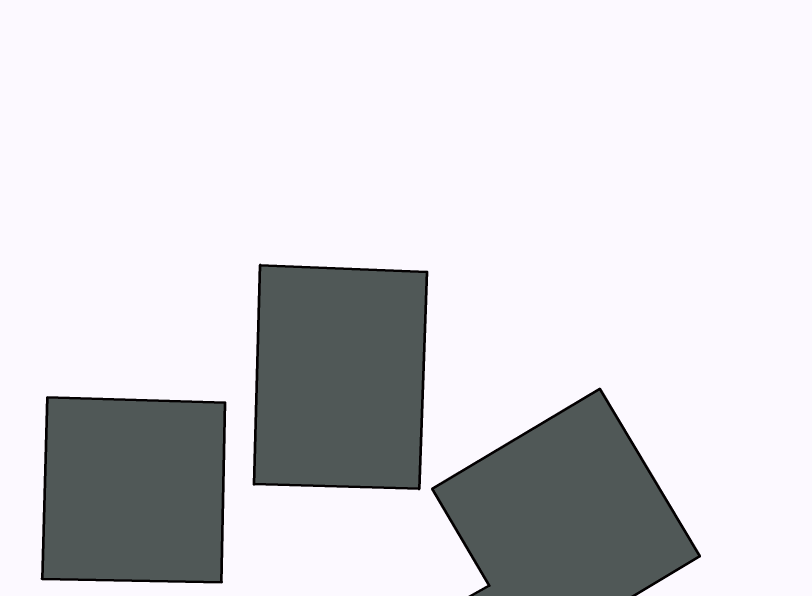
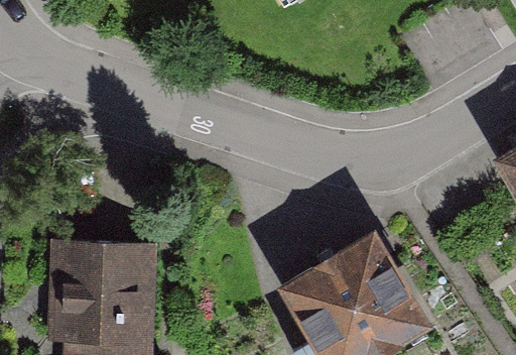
building: [254,265,427,489] -> none

